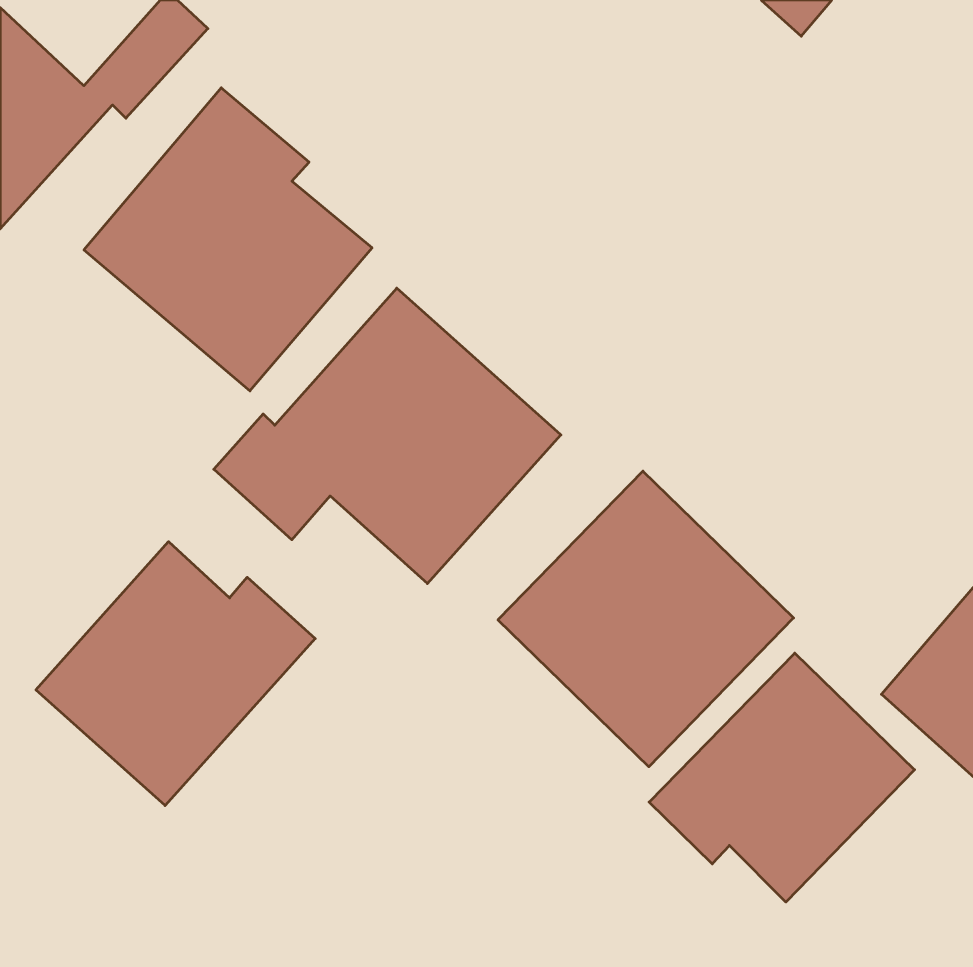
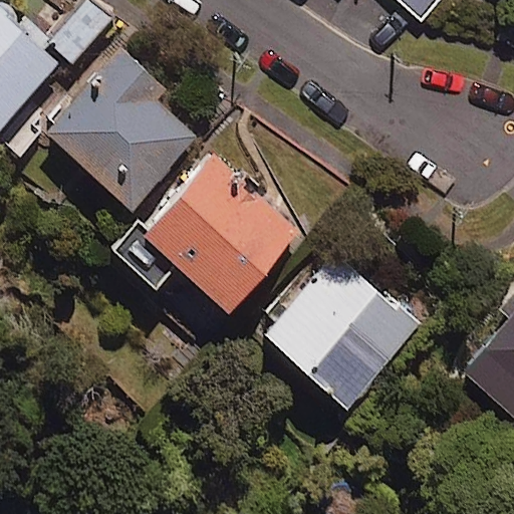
building: [36,542,315,806] -> none
building: [649,653,915,902] -> none

